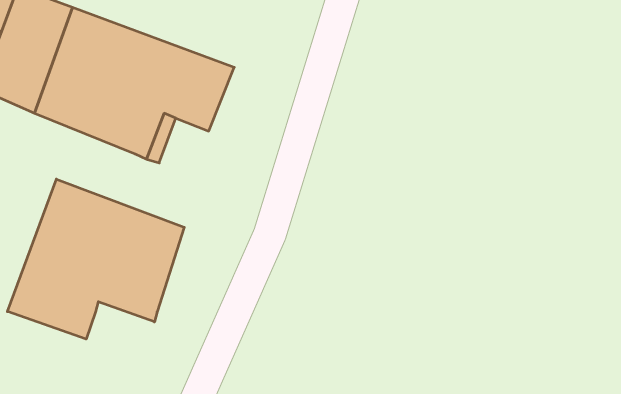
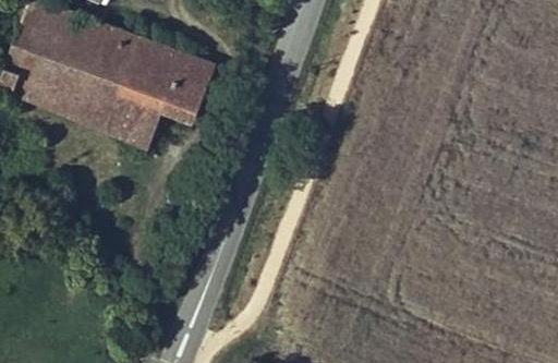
building: [7,179,184,339] -> none

